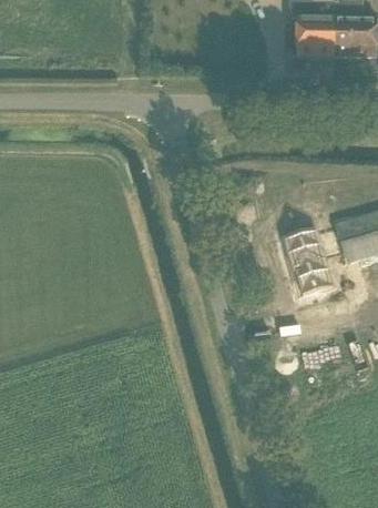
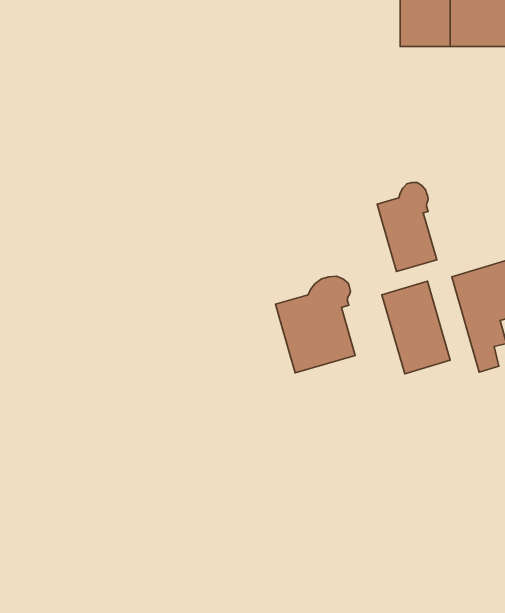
building: none -> [377,182,437,272]
building: none -> [275,276,355,373]

